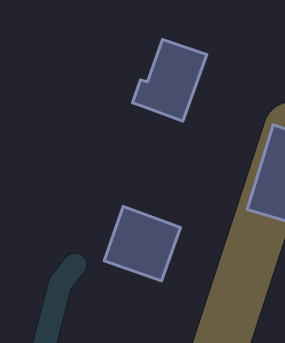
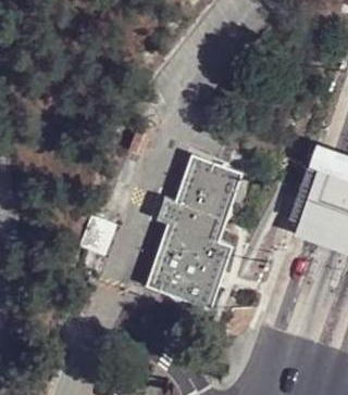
building: [132,39,207,121] -> [156,157,236,245]

